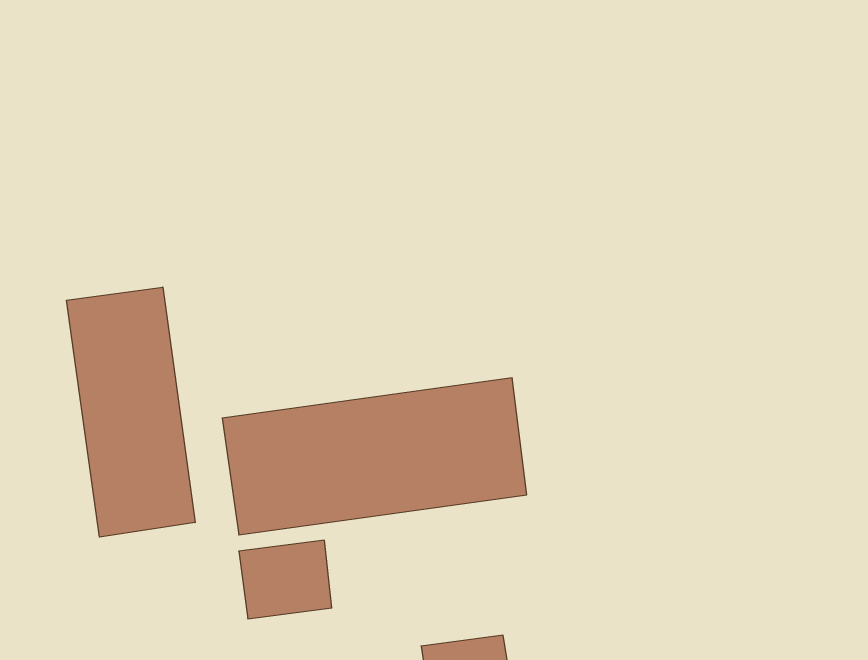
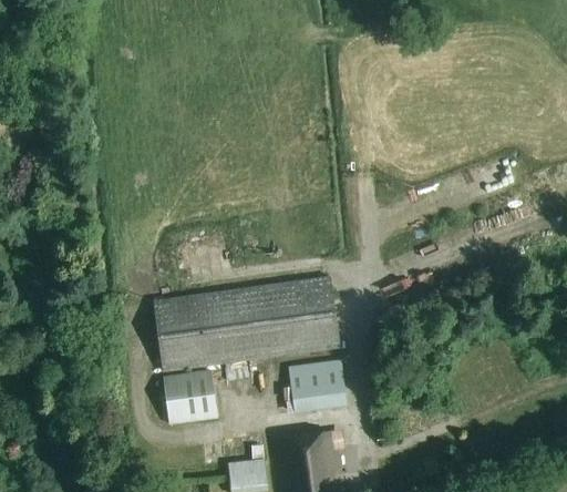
building: [67,287,195,537] -> none
building: none -> [287,359,348,412]

